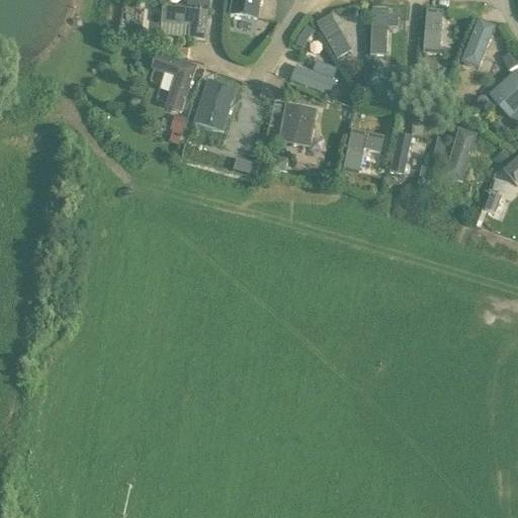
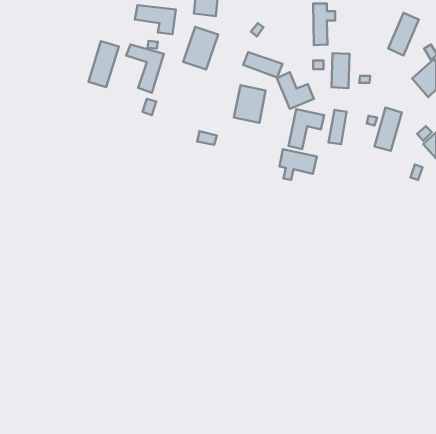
building: [422,7,443,49] -> [332,53,349,88]
building: [318,11,361,55] -> [277,72,314,109]
building: none -> [88,41,119,87]
building: [194,82,236,133] -> [183,27,218,70]
building: none -> [279,149,317,180]

